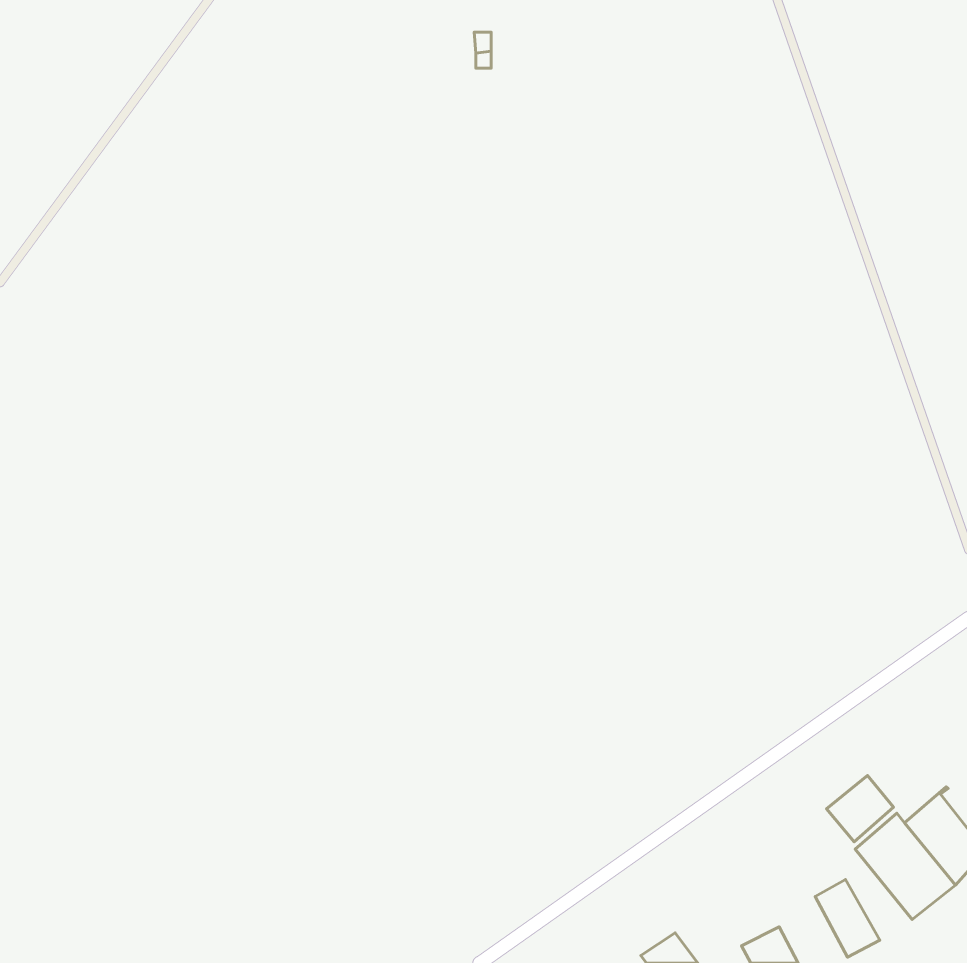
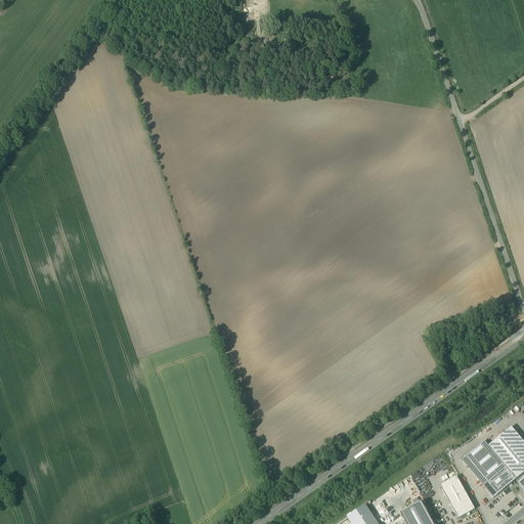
building: [826,775,894,842] -> none

